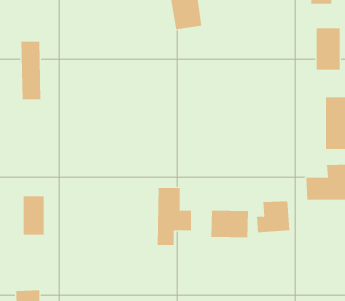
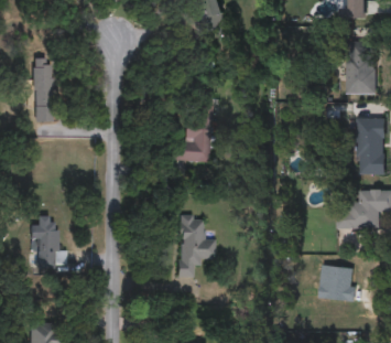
building: none -> [174,109,211,162]
building: [256,201,290,233] -> [319,267,356,301]
building: [211,210,248,238] -> none

